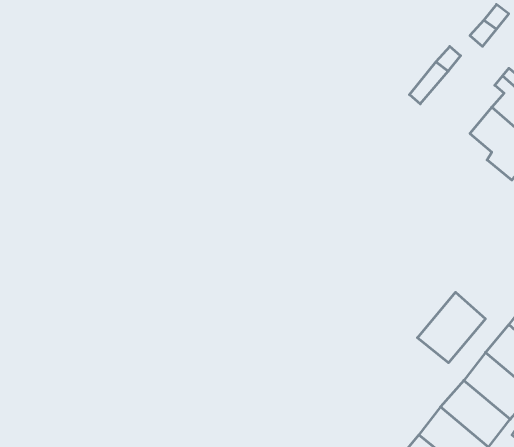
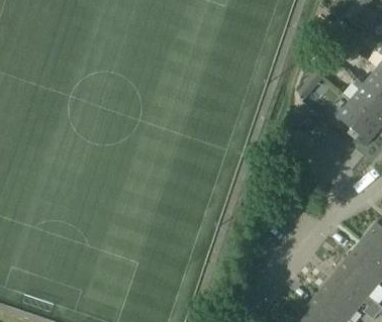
building: [417,292,485,363] -> none

